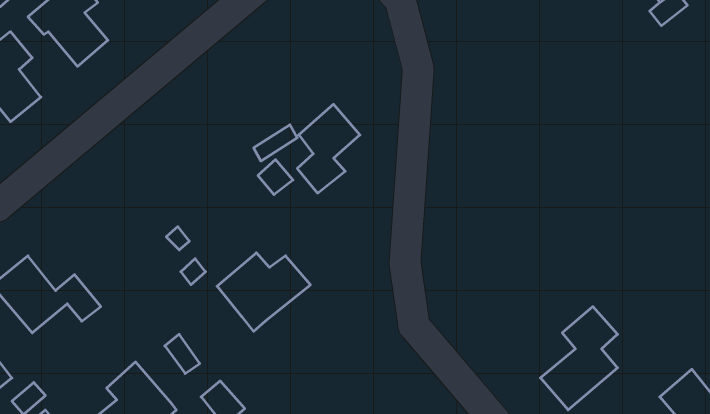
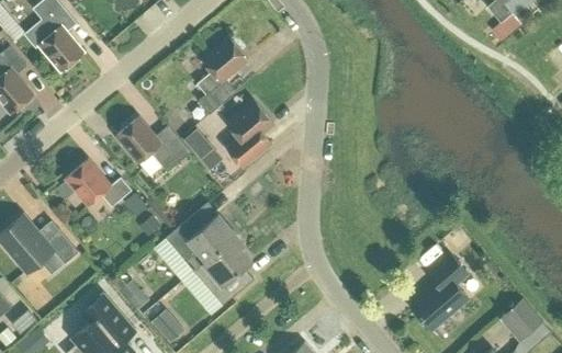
building: none -> [196,37,248,115]
building: none -> [114,117,191,172]
building: none -> [64,159,132,208]
building: none -> [193,237,252,305]

